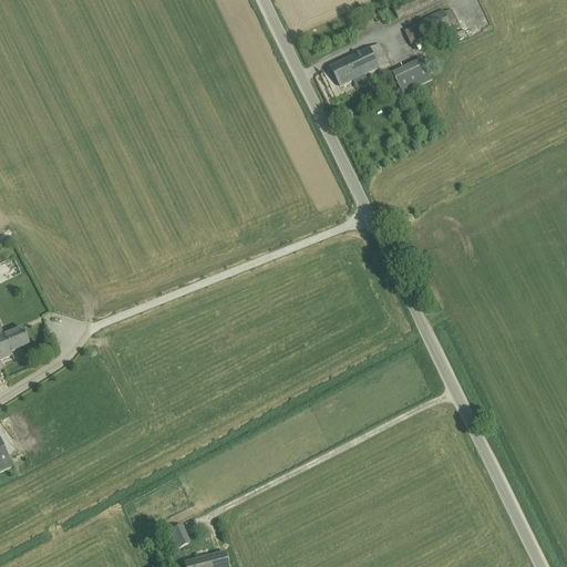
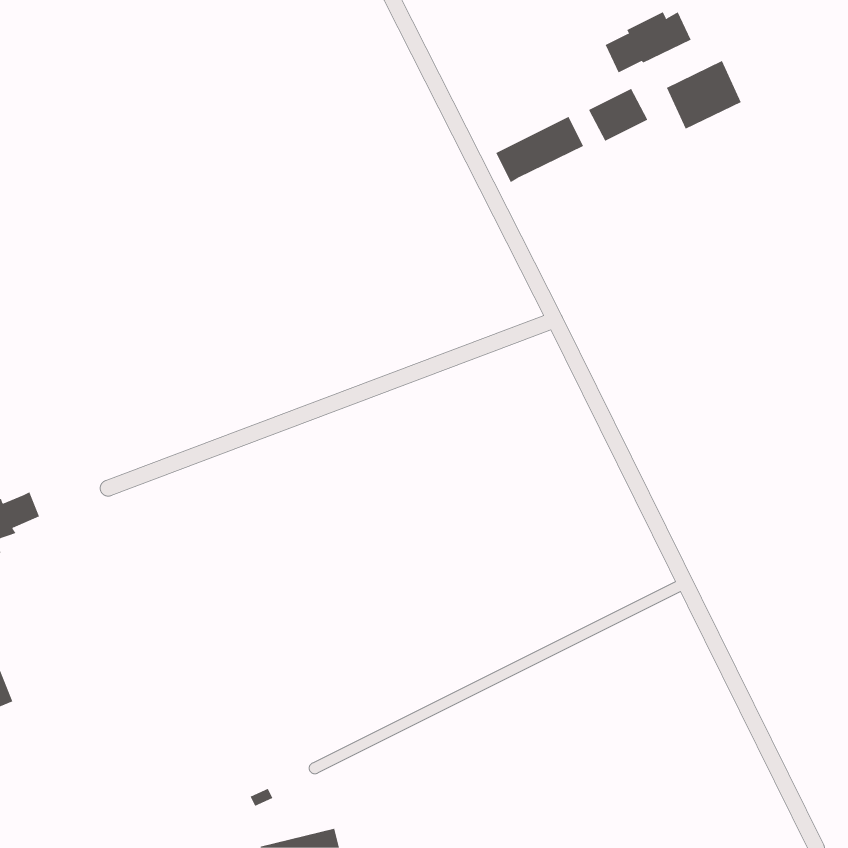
building: none -> [666,60,741,129]
building: [328,42,386,86] -> [496,116,584,183]

